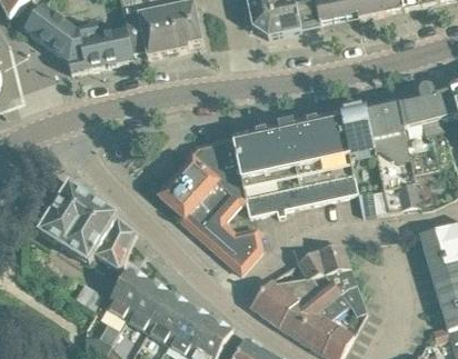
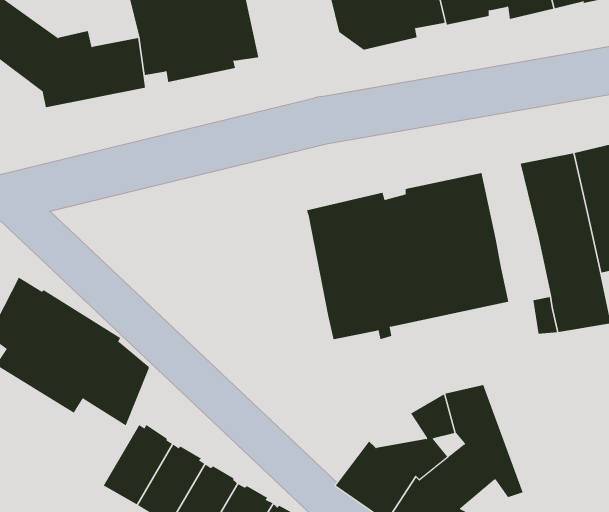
building: [341,108,376,154] -> none
building: [159,140,262,273] -> none

